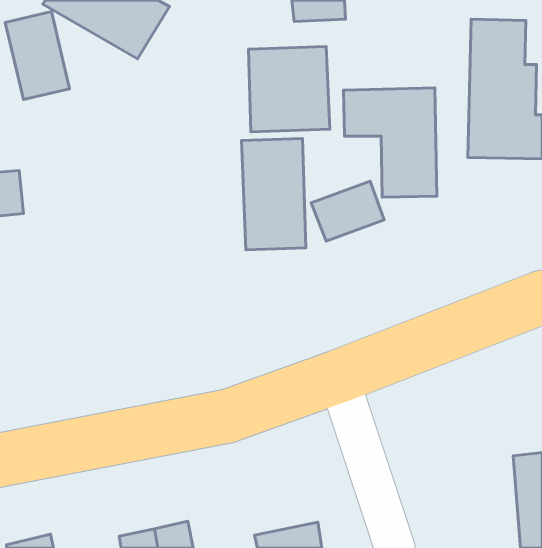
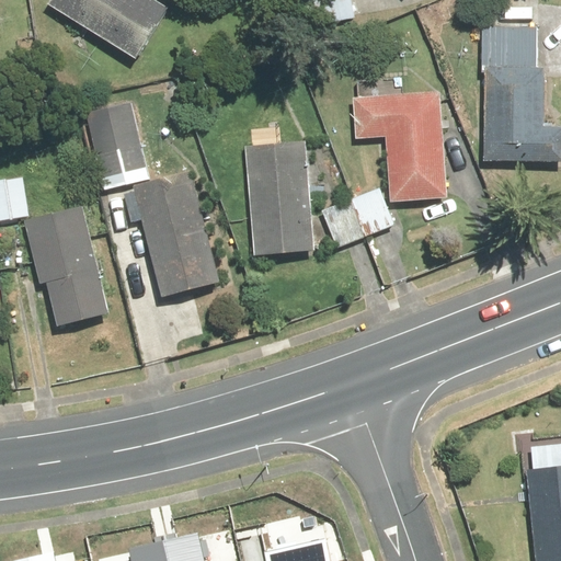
building: [5,12,70,100] -> [82,98,148,187]
building: [249,46,330,132] -> none
building: none -> [121,176,224,298]
building: none -> [28,204,111,324]

